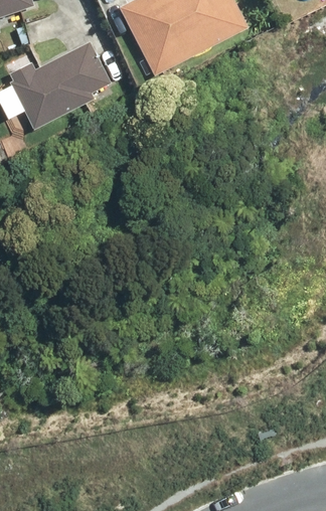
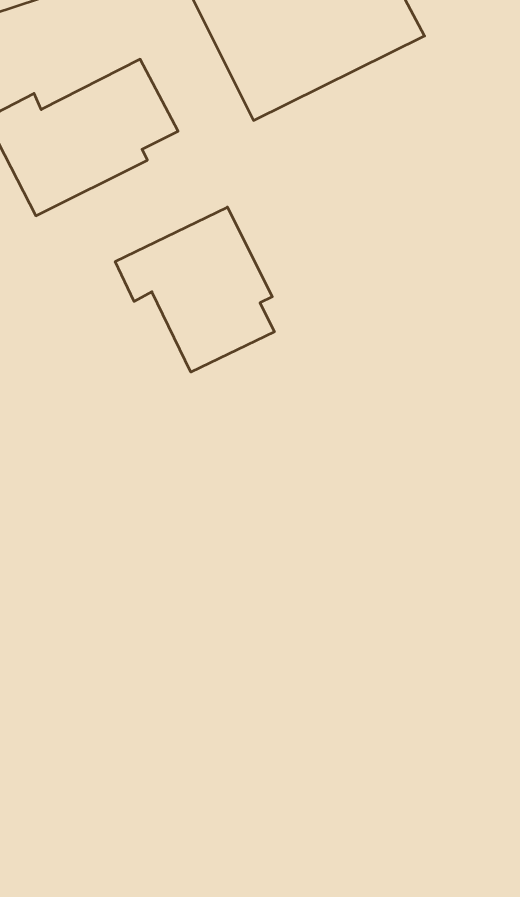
building: none -> [115,207,274,372]

